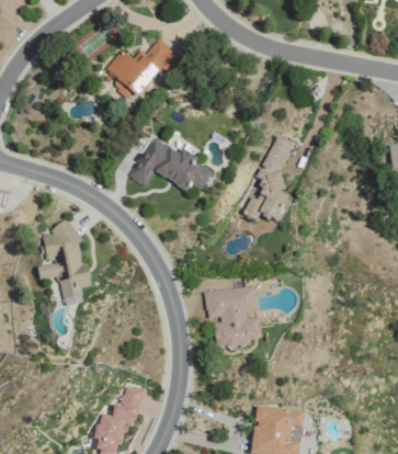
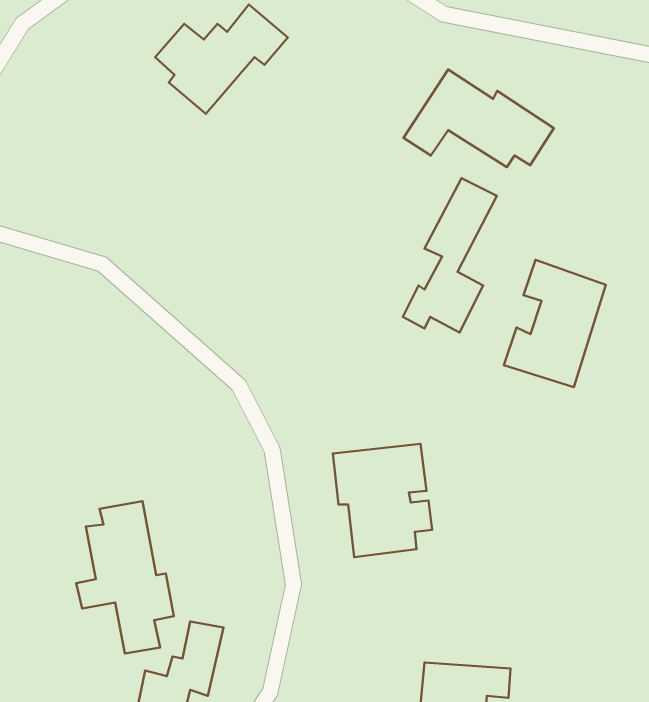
building: [129,137,214,192] -> [403,69,554,167]
building: none -> [504,260,606,387]
building: [37,220,92,306] -> [76,501,174,653]

